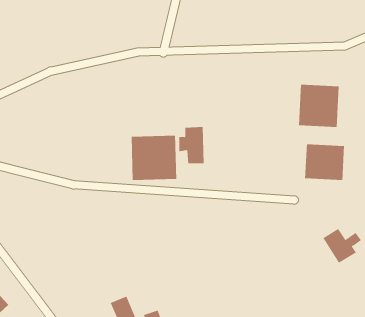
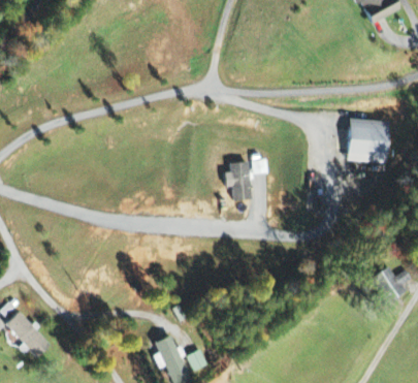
building: [131,135,177,181] -> none
building: [305,144,345,181] -> none

